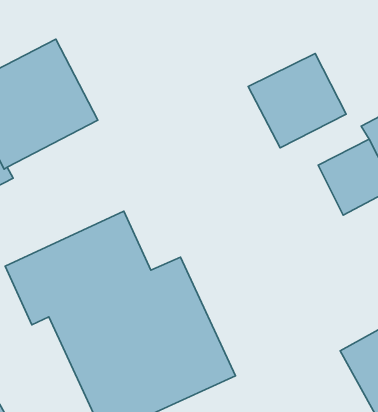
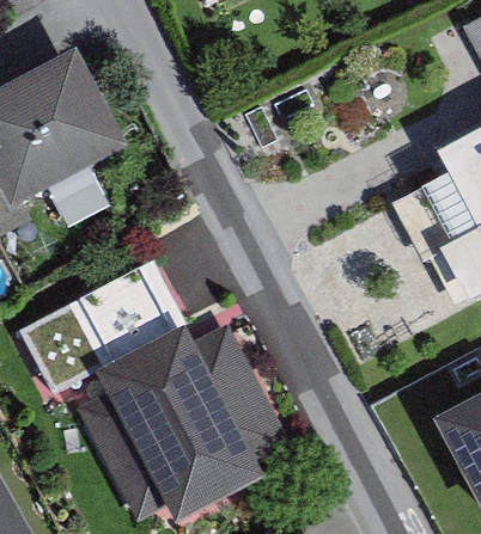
building: [248,54,346,148] -> none

